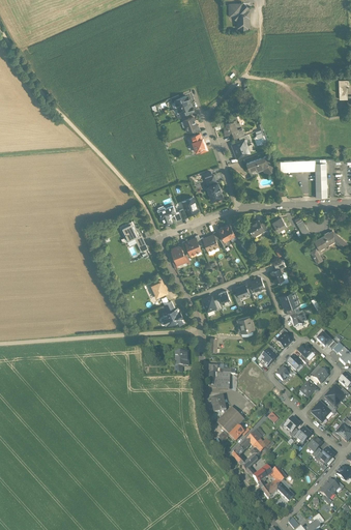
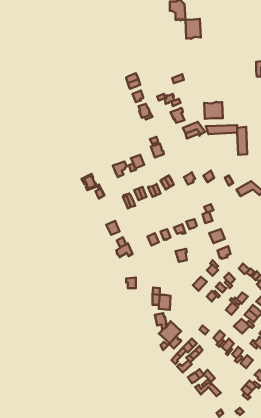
building: none -> [185,19,201,39]
building: none -> [204,102,223,119]

